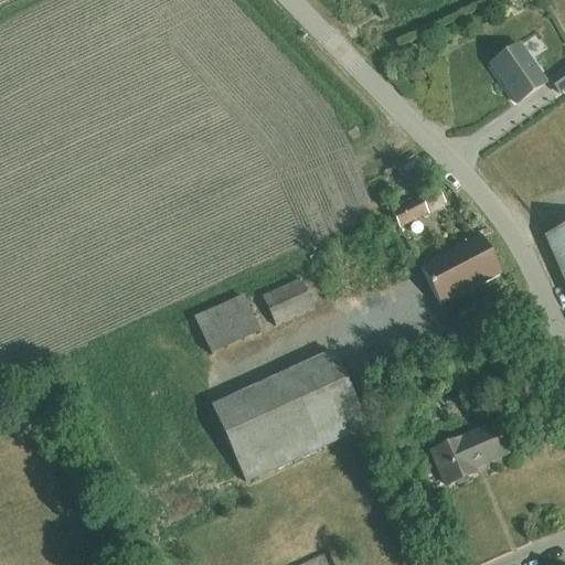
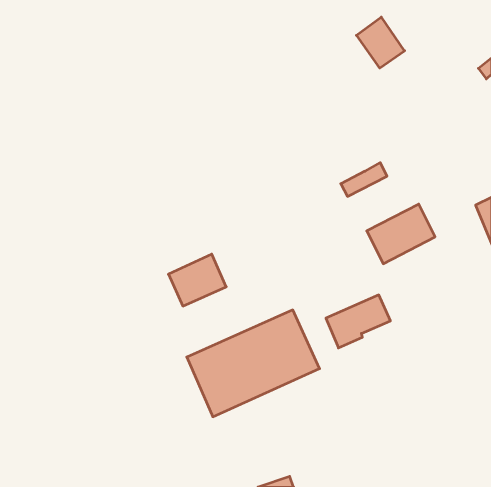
building: [491,42,546,100] -> [356,17,405,68]
building: [263,277,315,323] -> none
building: [433,423,507,483] -> [326,295,390,348]

